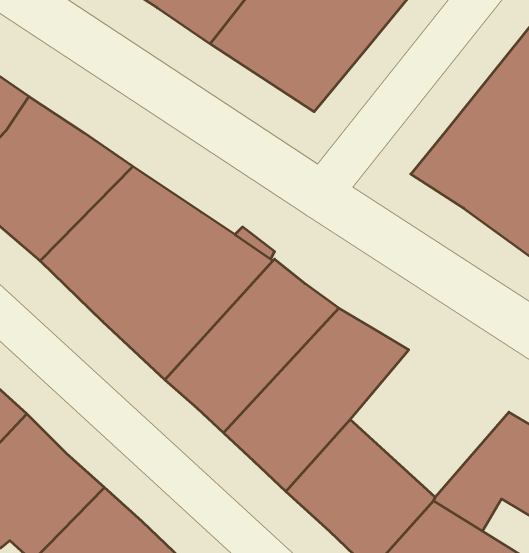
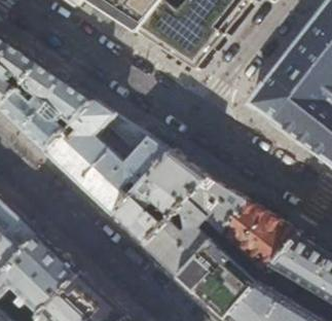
building: none -> [212,198,298,278]

